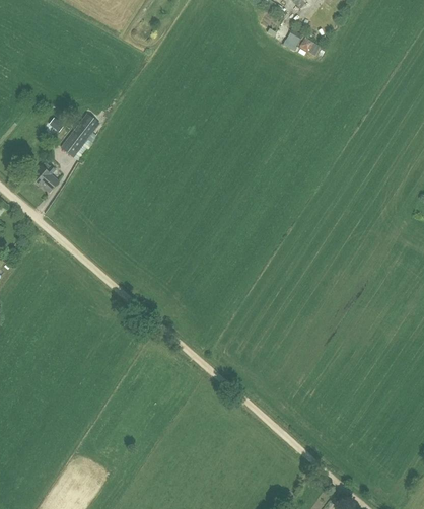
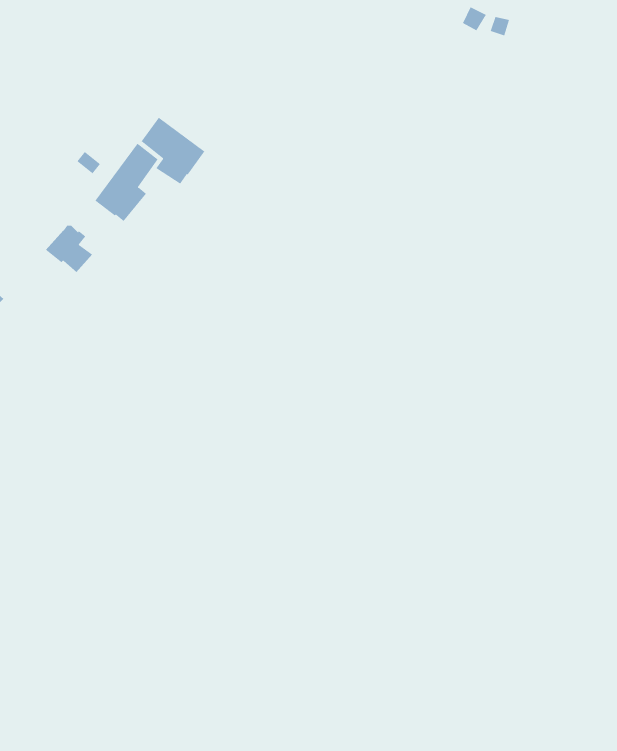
building: none -> [141,117,205,184]

